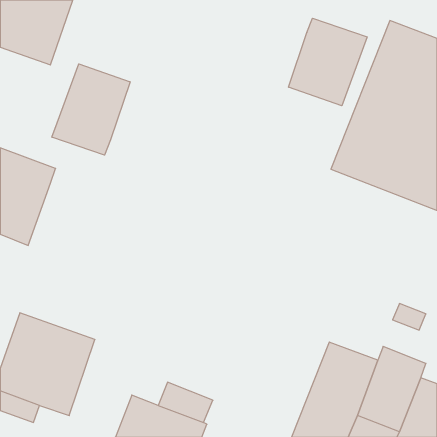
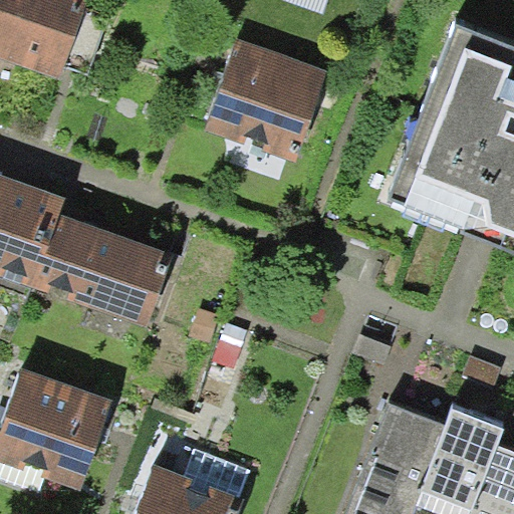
building: [289,18,367,106] -> none
building: none -> [205,39,325,160]
building: [52,64,130,155] -> none
building: none -> [33,215,175,328]

